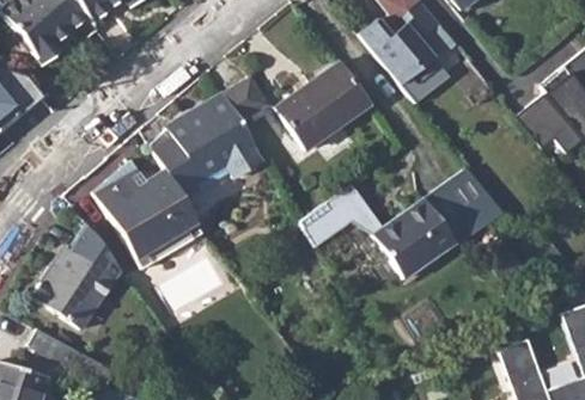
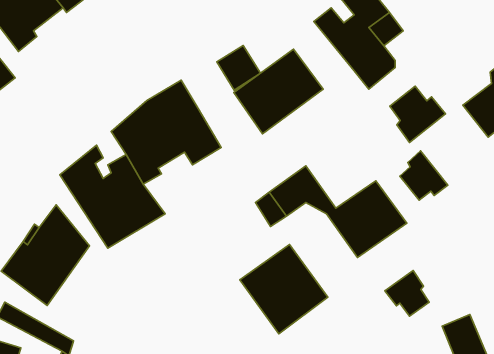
building: [220,78,266,124] -> [217,46,260,90]
building: none -> [390,86,446,142]
building: none -> [240,245,328,334]
building: none -> [385,271,429,316]

